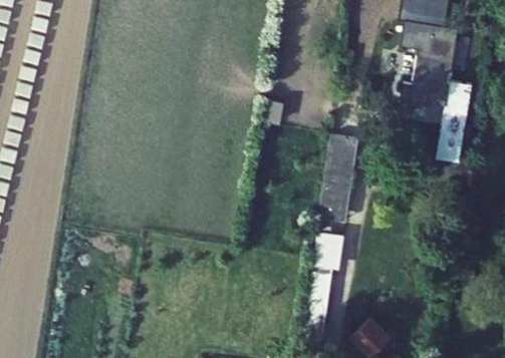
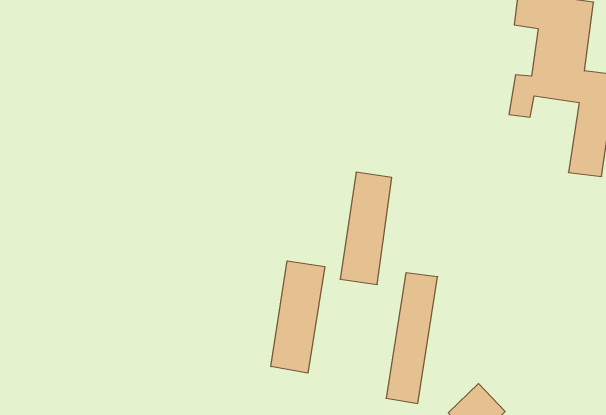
building: [315,140,354,226] -> [340,172,392,284]
building: none -> [271,261,325,373]

